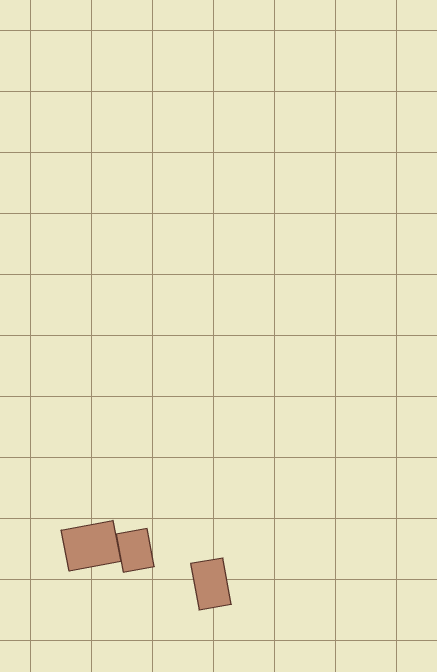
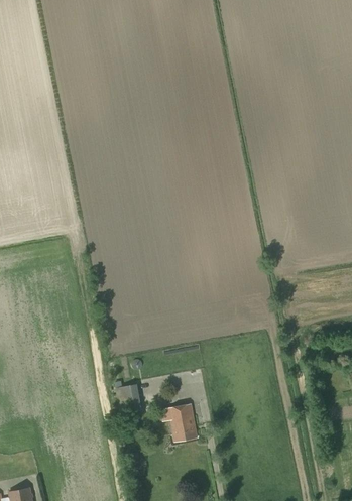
building: [61,520,121,571] -> none

